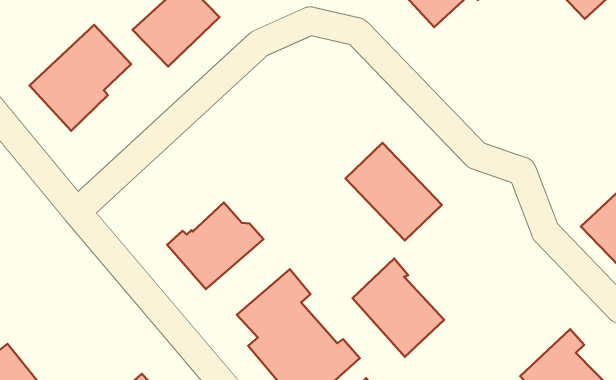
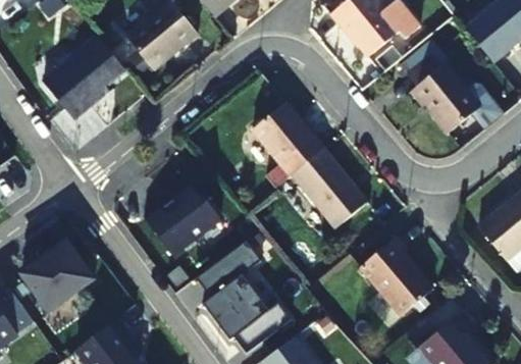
building: none -> [408,55,479,133]
building: none -> [252,102,322,175]
building: [352,258,444,357] -> [360,233,432,313]
building: none -> [21,242,95,313]

